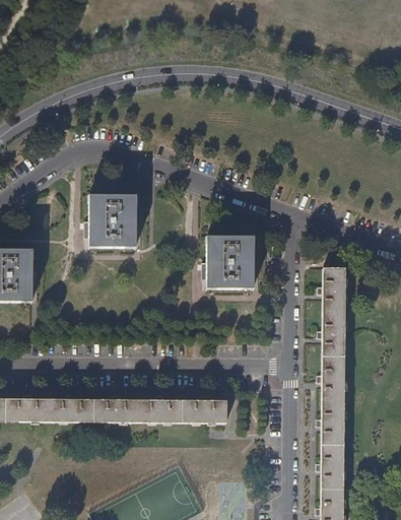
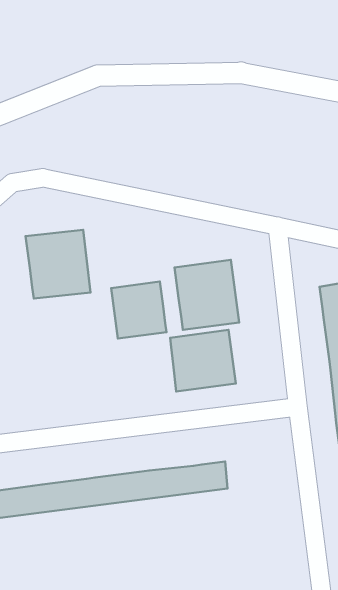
building: none -> [111,282,166,338]
building: none -> [170,330,236,391]

